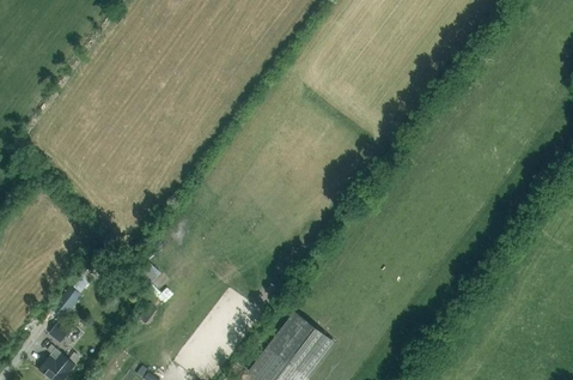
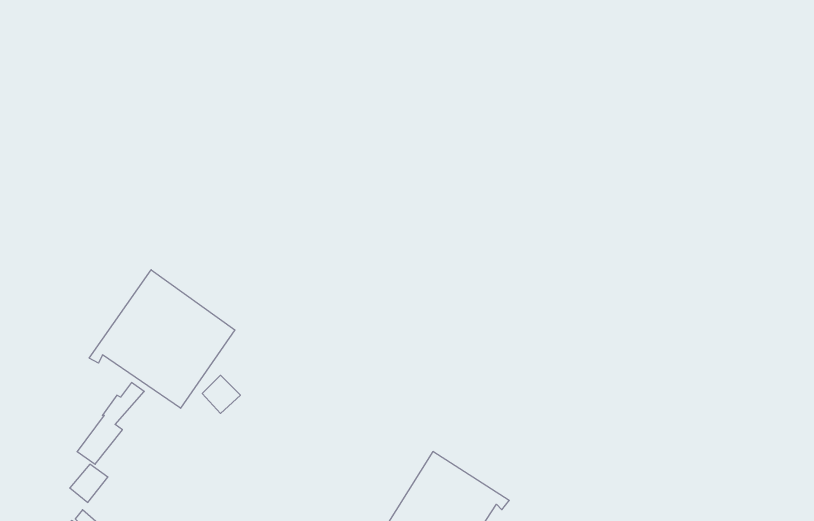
building: none -> [89,270,235,408]

